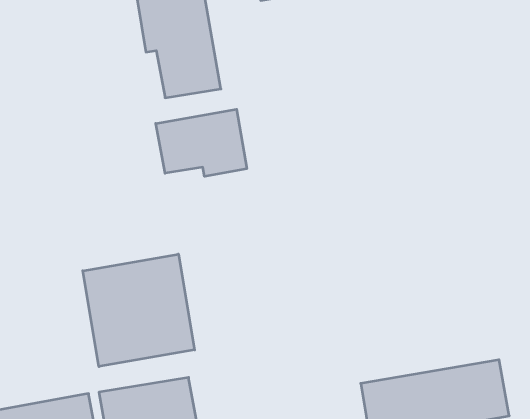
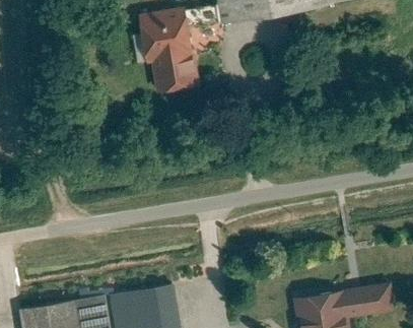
building: [156,109,247,176] -> none
building: [83,254,195,367] -> none

